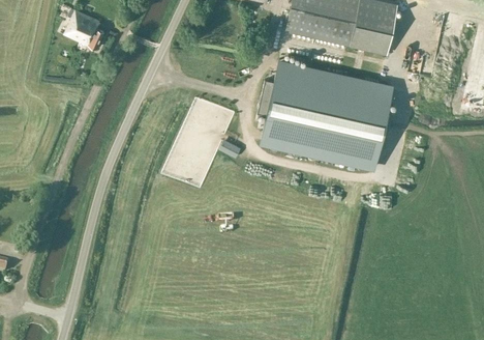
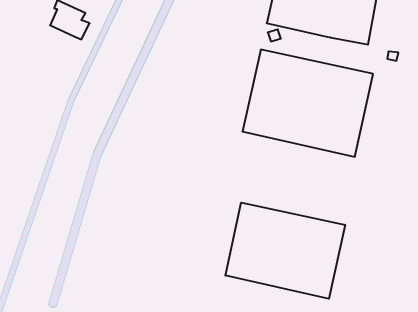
building: none -> [225,203,345,299]

